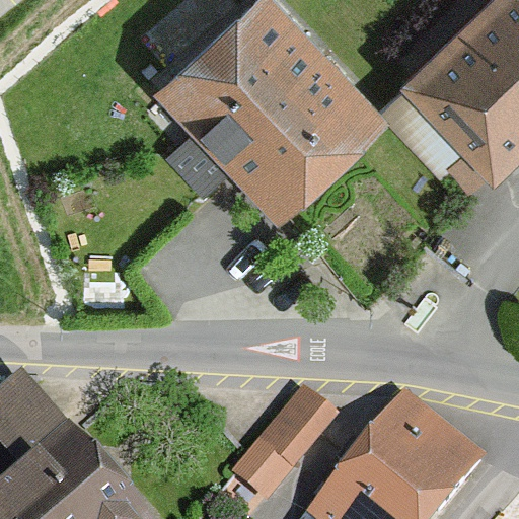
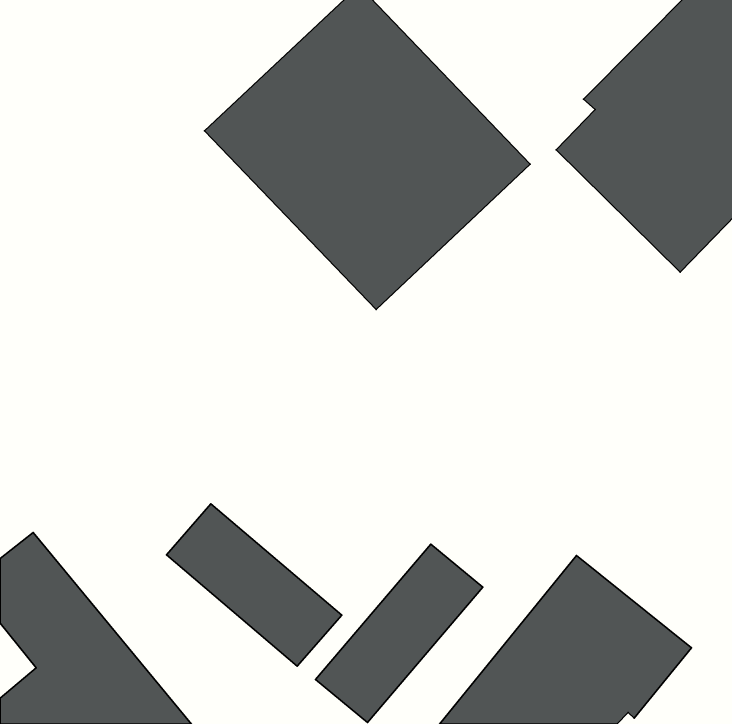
building: none -> [166,504,342,666]

